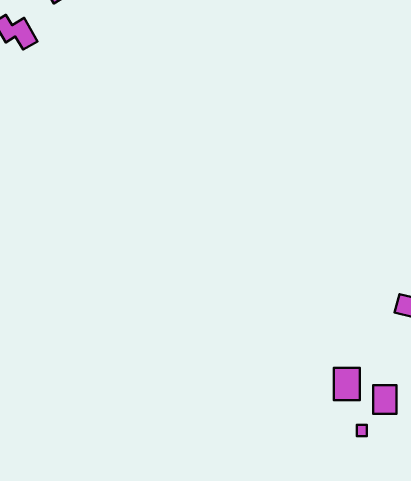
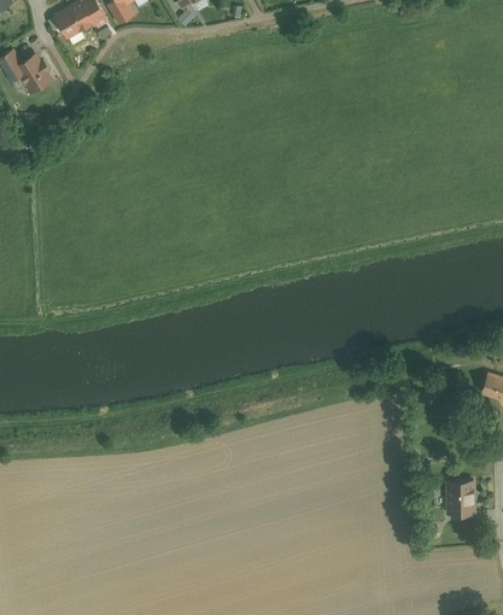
building: [334,368,360,400] -> none

